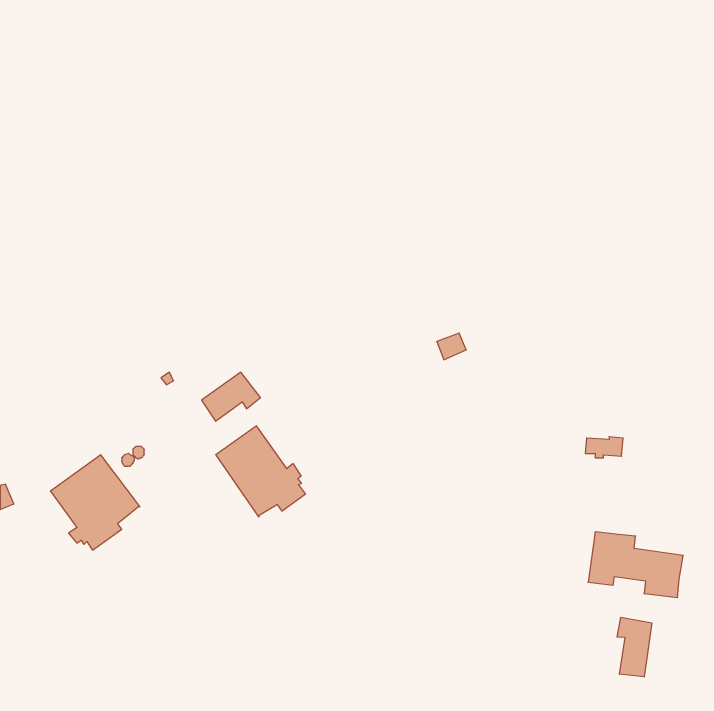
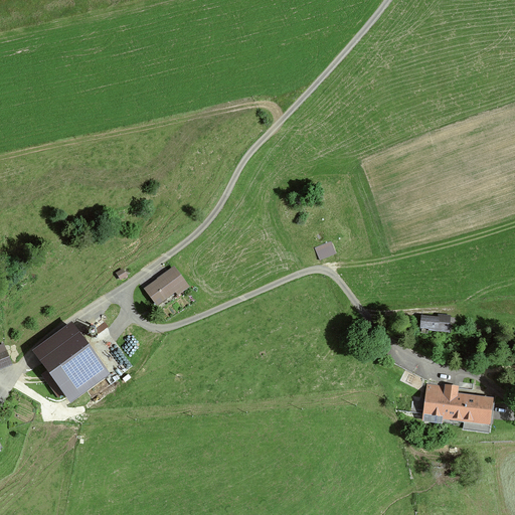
building: [216,426,306,517] -> none
building: [617,617,652,677] -> none

